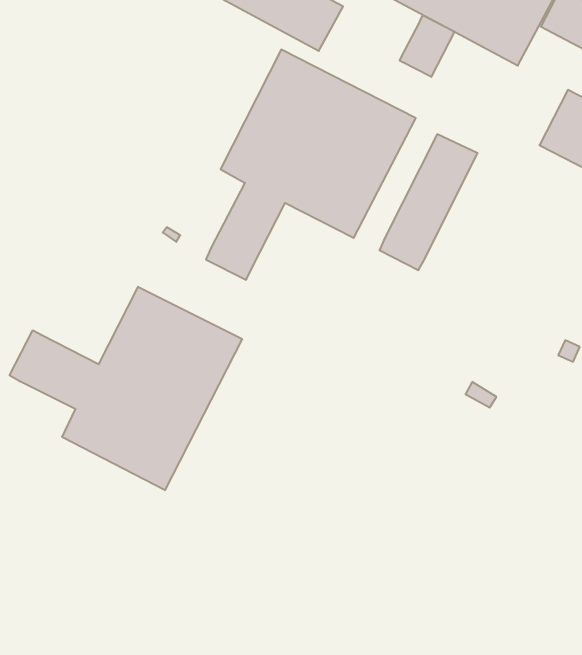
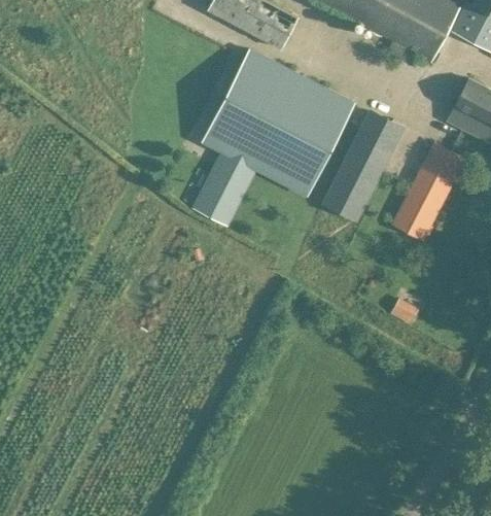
building: [400,15,454,77] -> none
building: none -> [395,144,462,237]
building: [10,287,242,490] -> none

